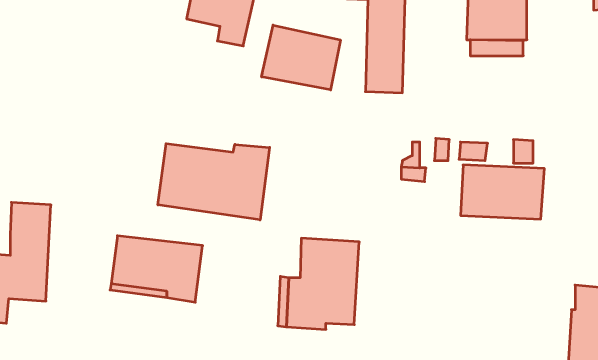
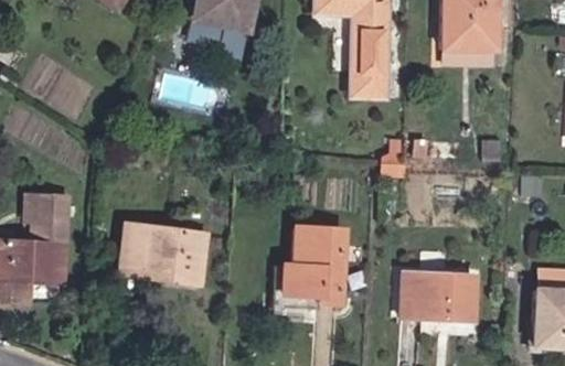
building: [262,25,340,90] -> none
building: [158,144,270,220] -> none
building: [461,165,544,219] -> [399,271,475,320]

